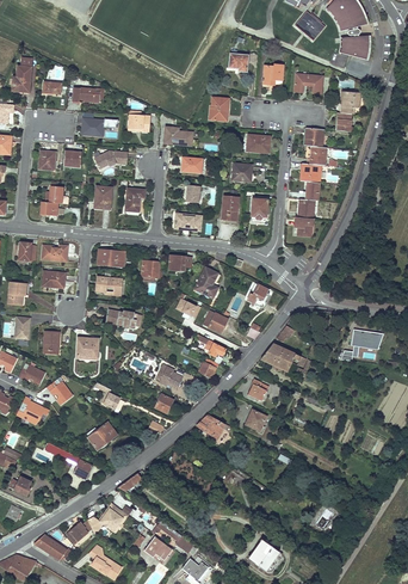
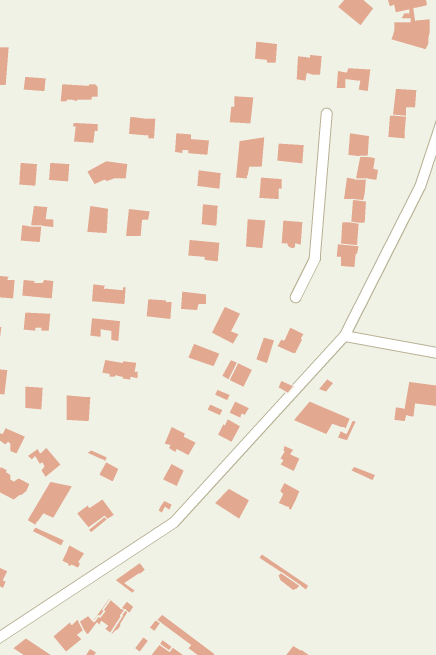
building: none -> [236,136,265,179]
building: none -> [27,481,73,526]

